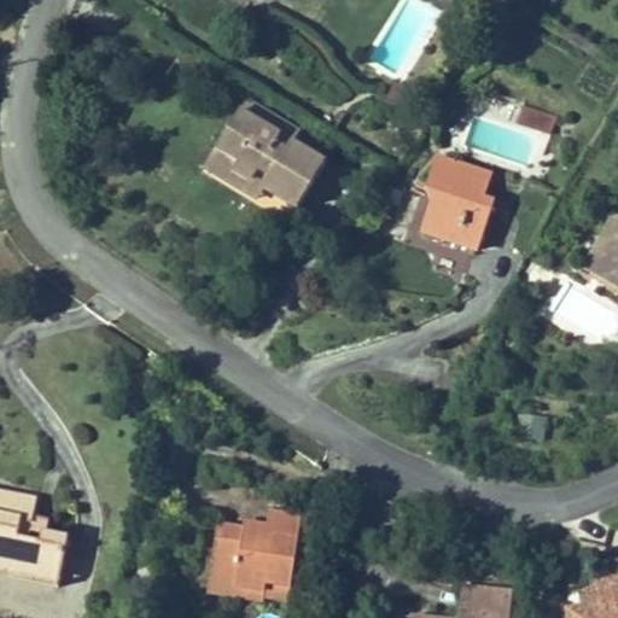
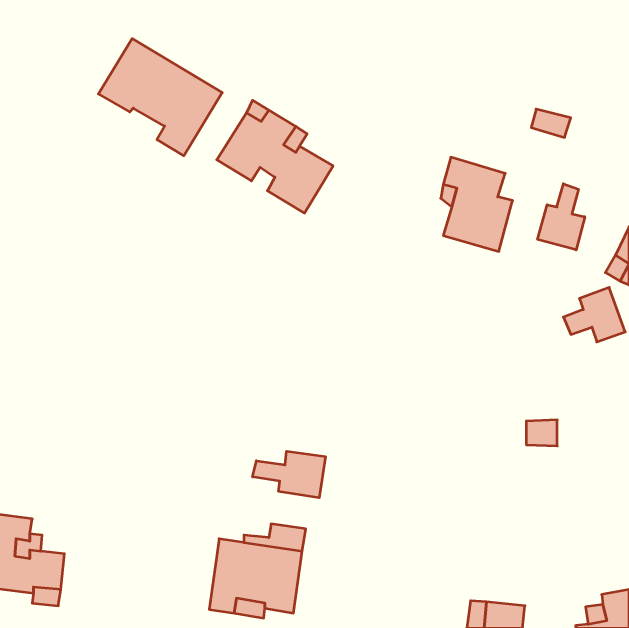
building: none -> [98,39,222,156]
building: [202,156,268,203] -> none
building: none -> [538,184,585,250]
building: none -> [253,451,325,498]

